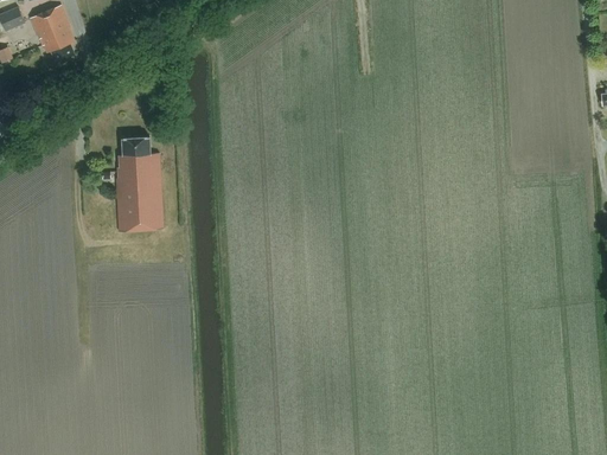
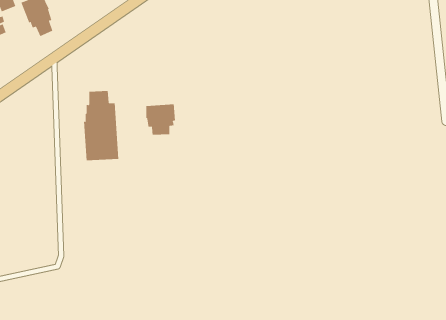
building: none -> [146,104,175,135]

